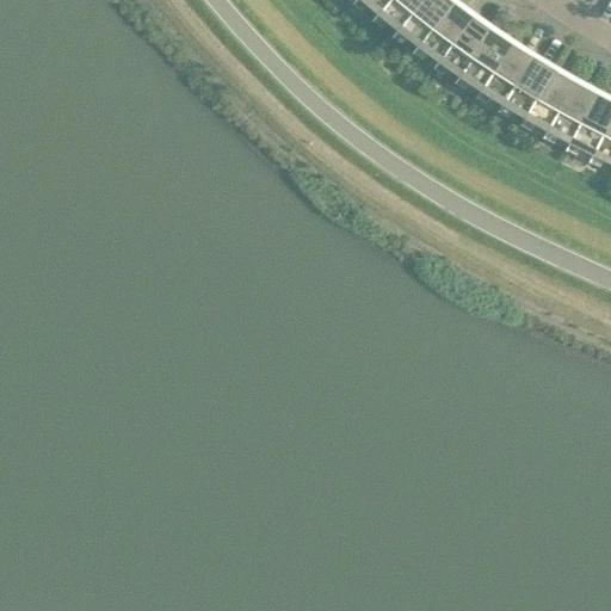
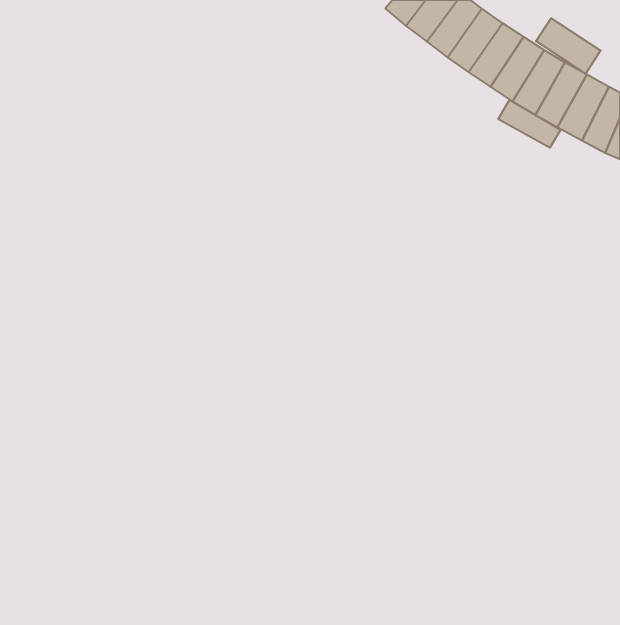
building: none -> [536,18,601,74]
building: none -> [498,100,561,148]

